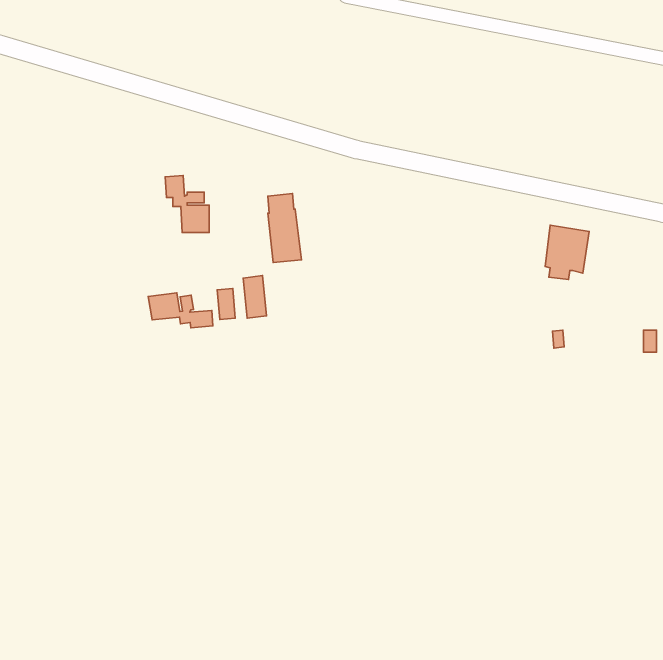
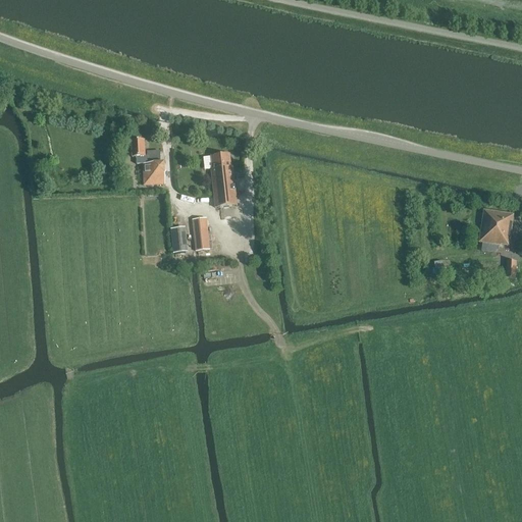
building: [545,225,589,280] -> [478,208,513,251]
building: [148,293,213,328] -> none

